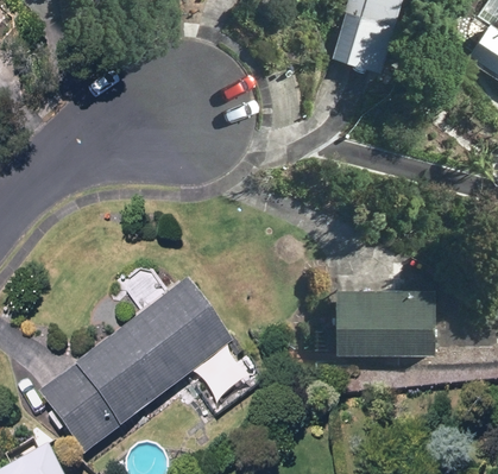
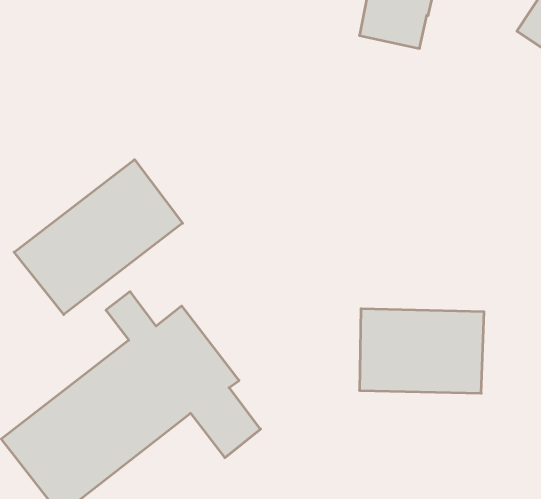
building: none -> [14,160,183,315]

